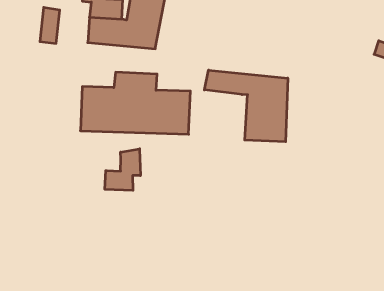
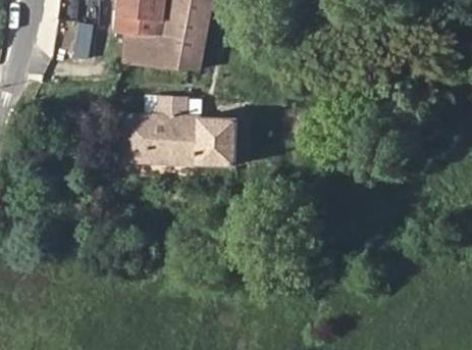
building: [204,70,288,142] -> none
building: [105,149,140,190] -> none

